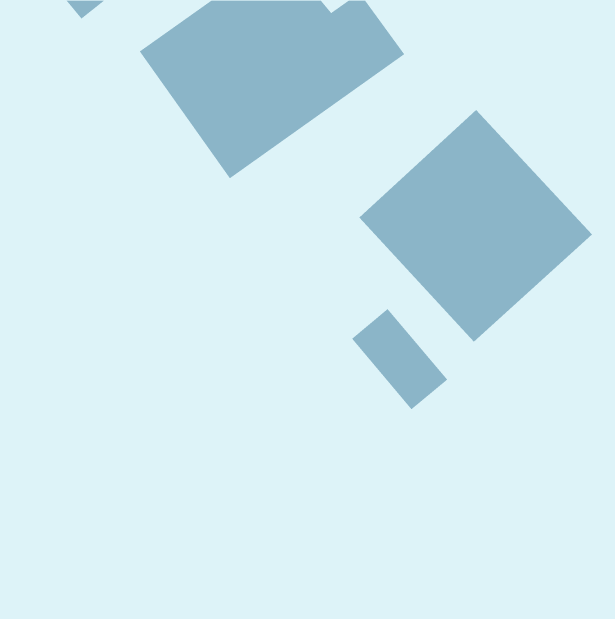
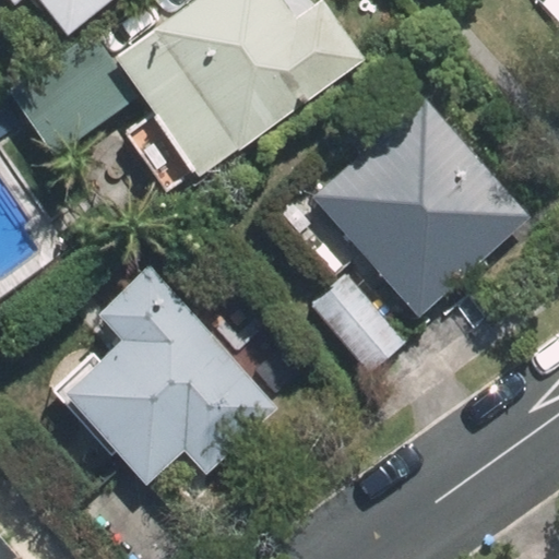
building: none -> [74,267,270,478]

